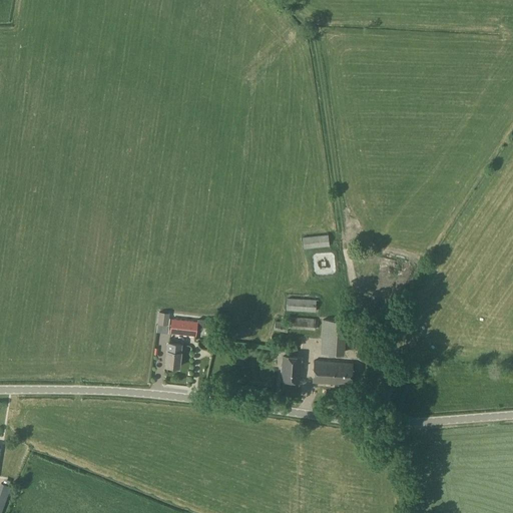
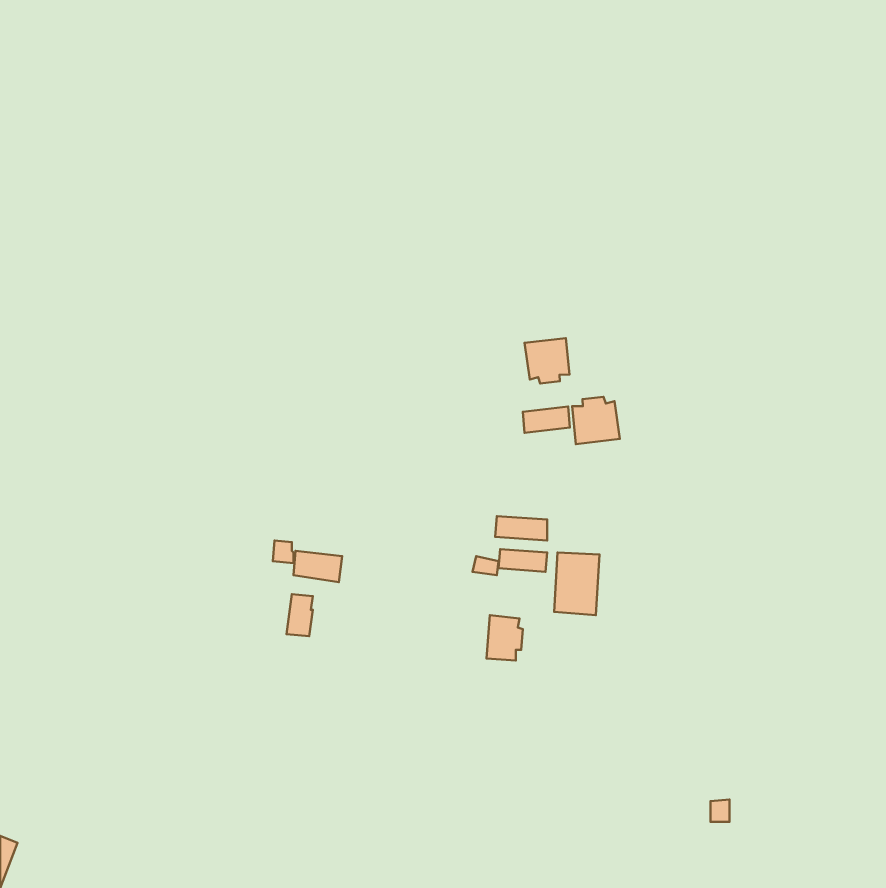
building: none -> [525,338,570,384]
building: none -> [572,397,620,444]
building: [313,360,352,384] -> none

